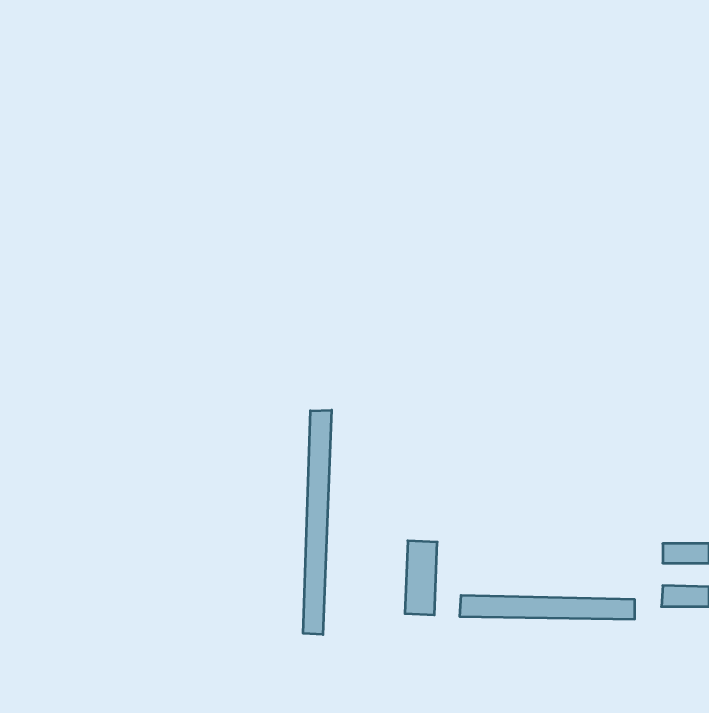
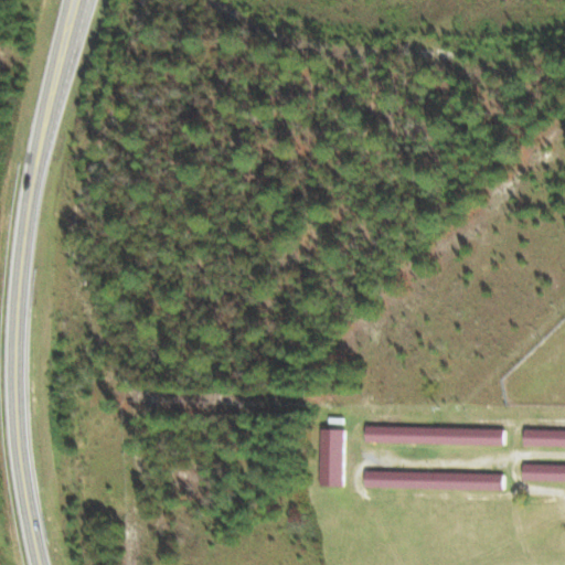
building: [303,410,332,635] -> none
building: none -> [363,426,502,446]

